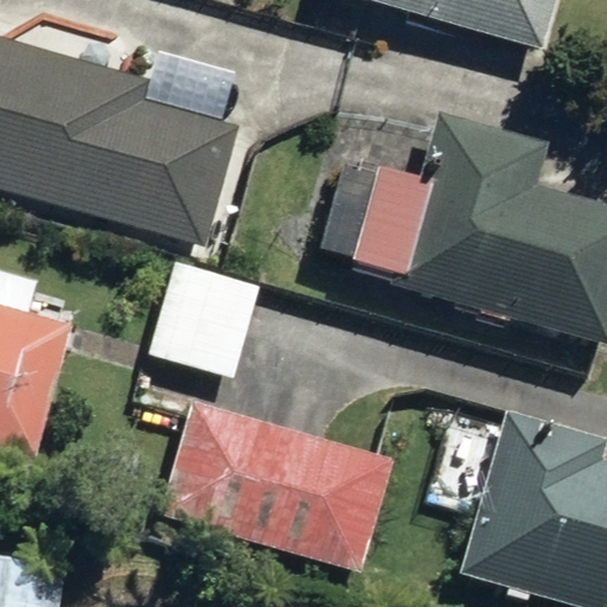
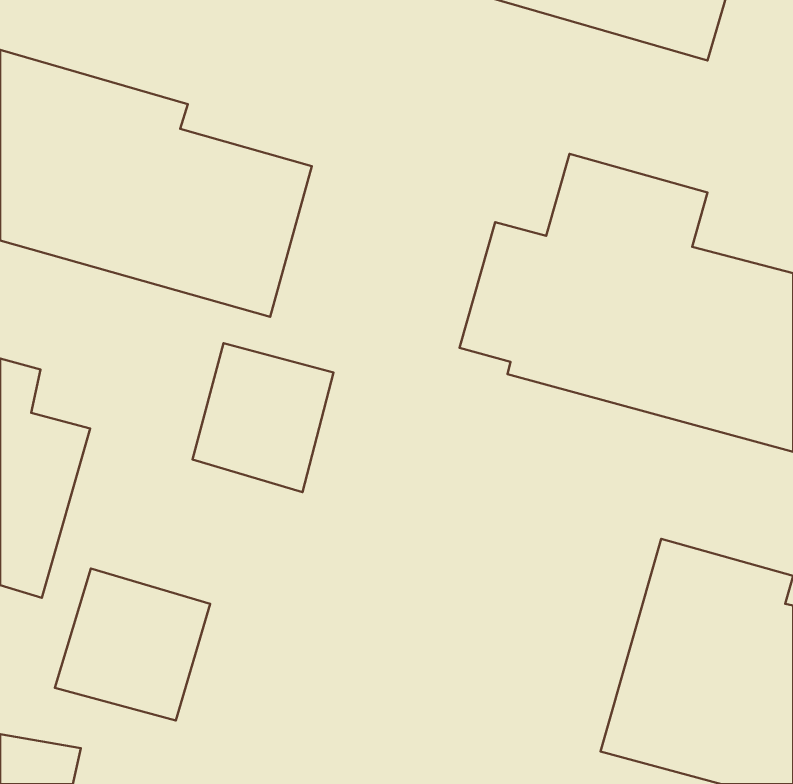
building: [161,403,389,569] -> none
building: none -> [55,569,210,720]

